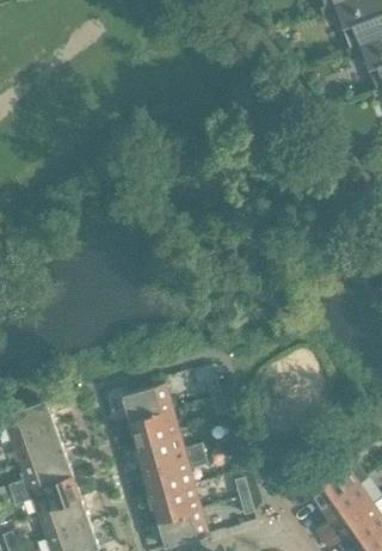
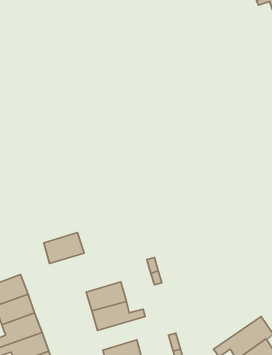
building: [122,384,173,423] -> [44,233,84,263]
building: [143,454,208,497] -> none

